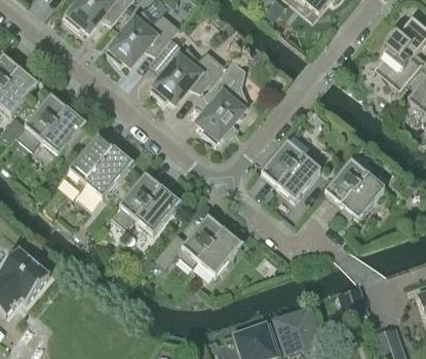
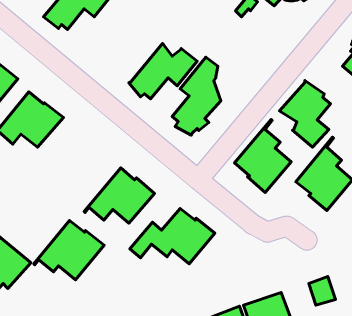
building: [108,8,179,66] -> none
building: none -> [279,80,330,147]
building: [59,136,131,198] -> [34,220,104,280]

